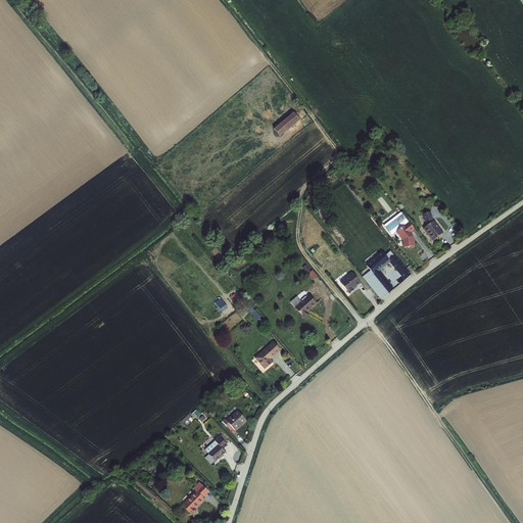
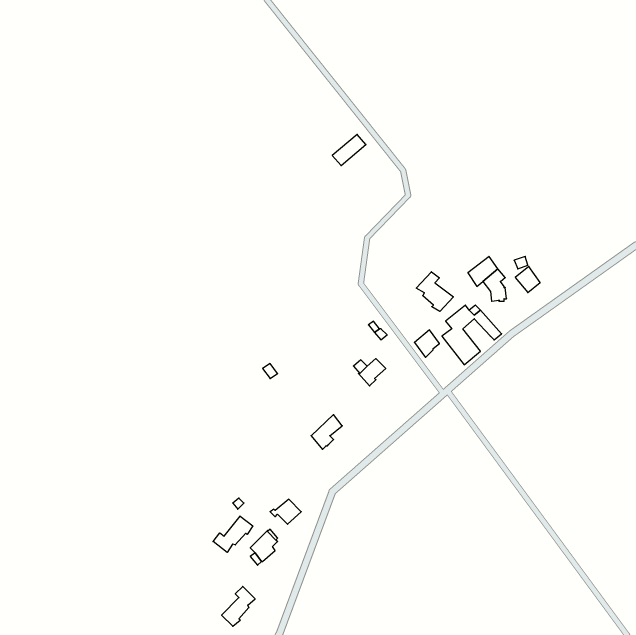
building: none -> [416,272,453,311]
building: none -> [213,516,253,552]

